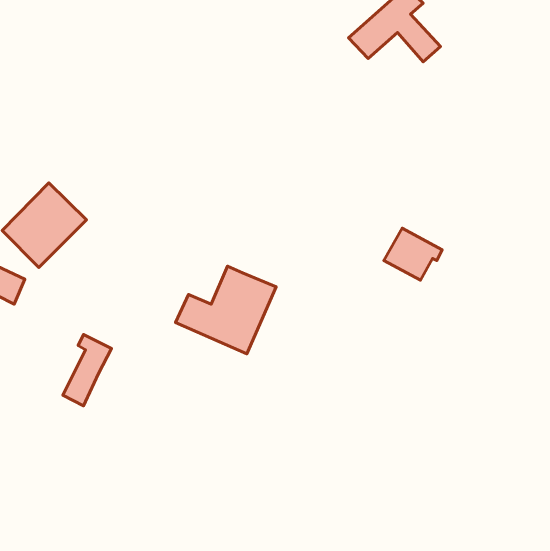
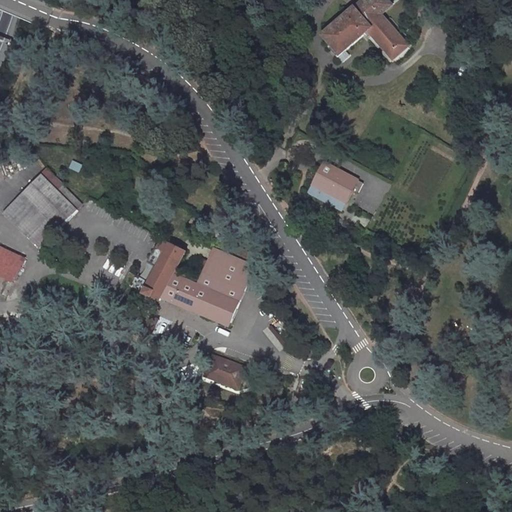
building: [384,228,442,280] -> [306,160,360,208]
building: [63,335,112,406] -> [141,236,186,302]
building: none -> [201,353,243,387]

